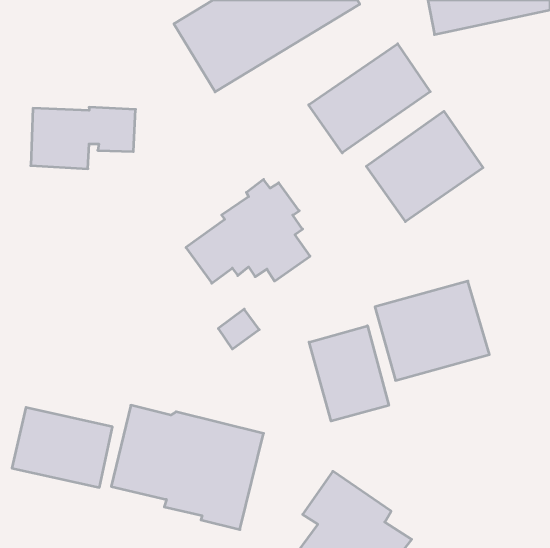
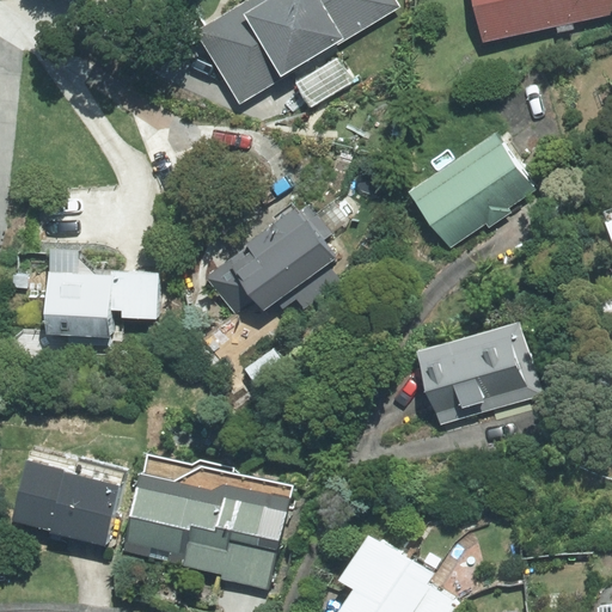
building: [309,44,430,153] -> none
building: [31,107,136,169] -> [49,265,165,333]
building: [309,326,389,421] -> none

